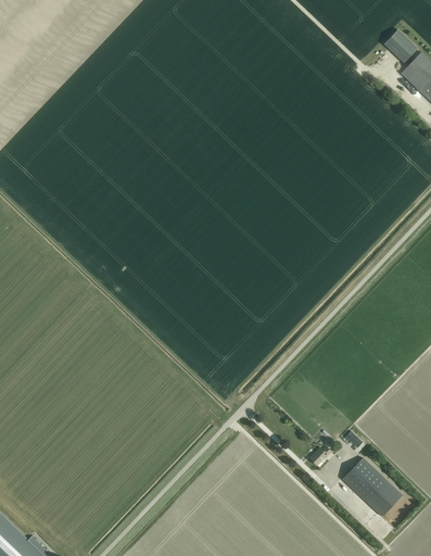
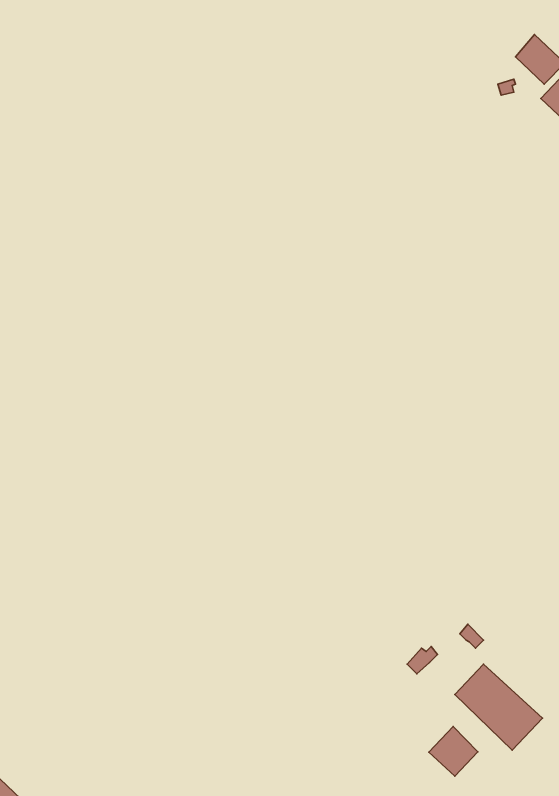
building: none -> [429,727,478,776]

